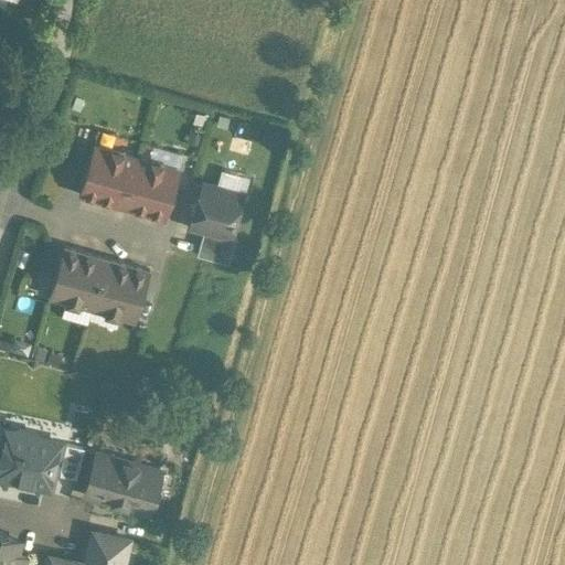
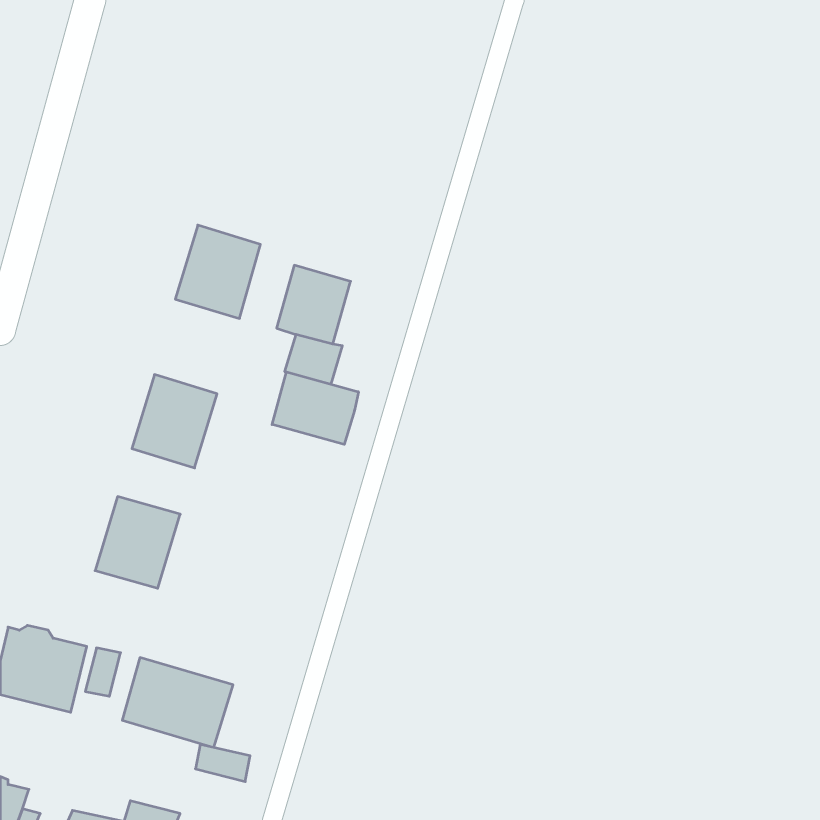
building: [78,143,137,206] -> none
building: [49,246,107,309] -> [95,497,180,588]
building: none -> [272,372,358,444]
building: [90,534,128,559] -> [195,745,250,782]

